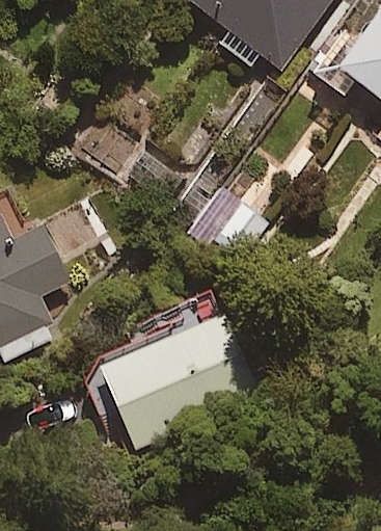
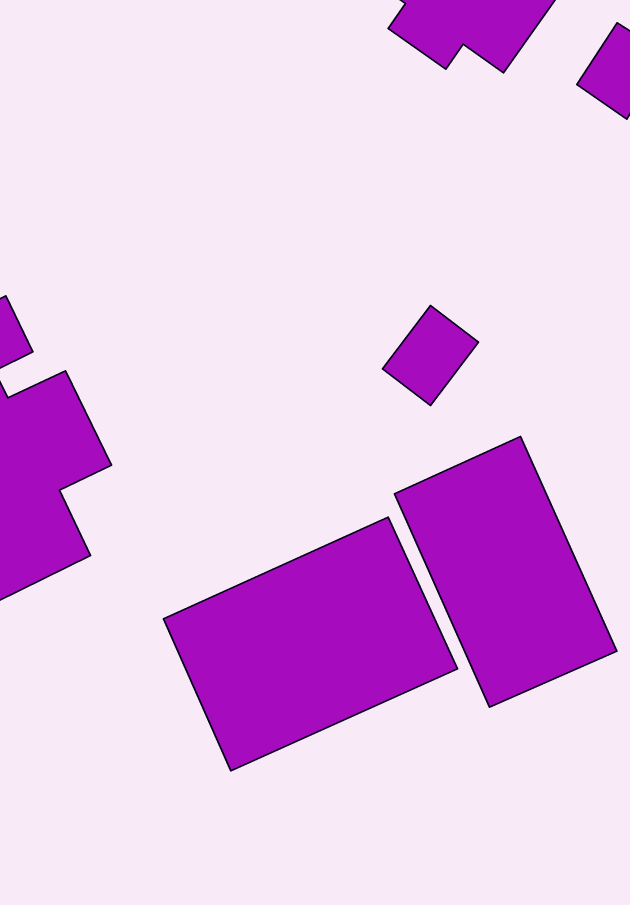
building: none -> [395,436,617,707]

